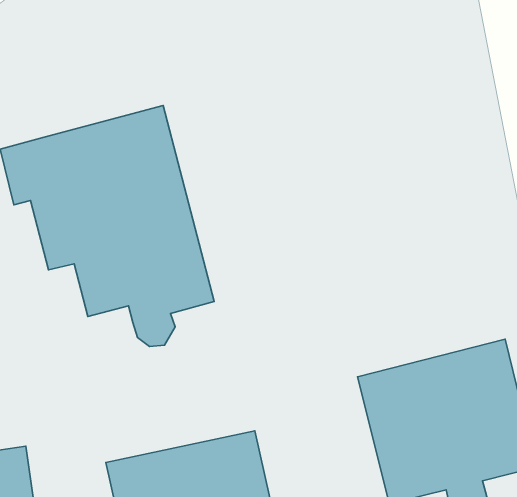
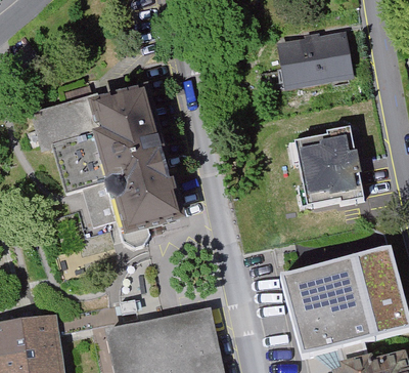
building: none -> [281,39,354,90]
building: none -> [296,130,365,209]

